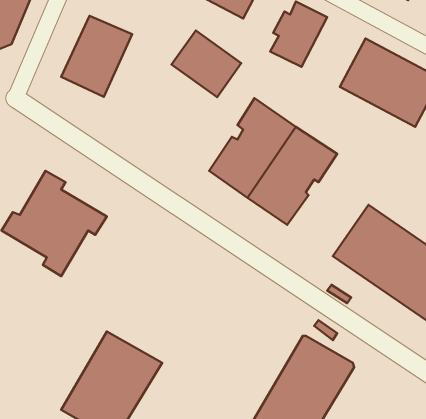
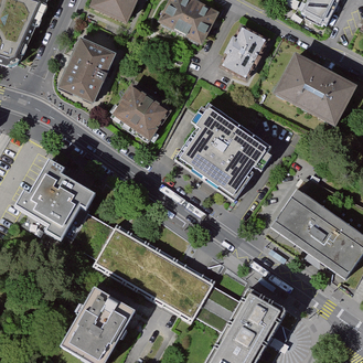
building: [172,30,241,97] -> [111,85,166,137]
building: none -> [93,227,214,322]

